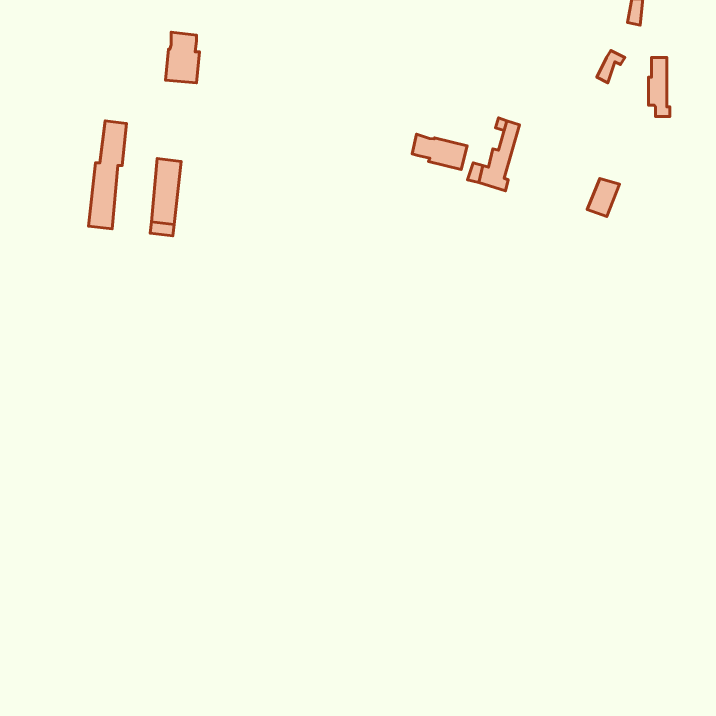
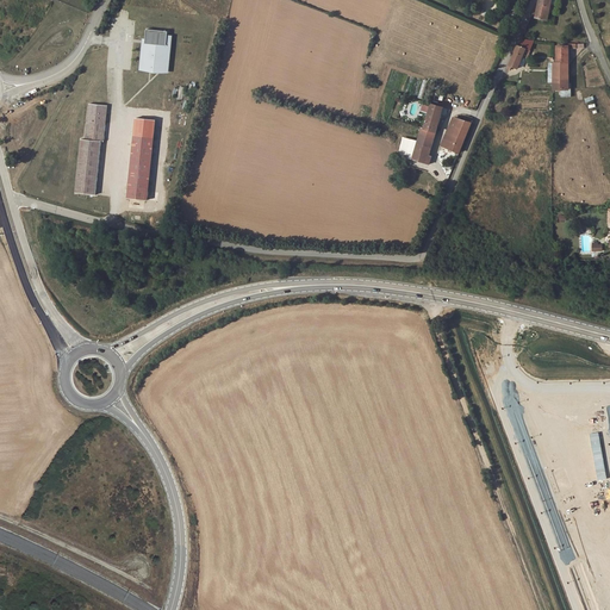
building: [412,134,467,170] -> none
building: [587,179,619,216] -> [442,117,469,149]

